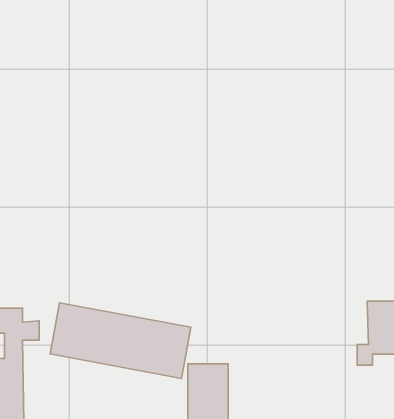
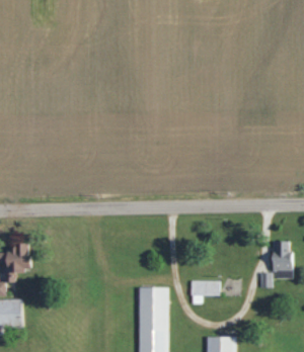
building: [50,303,191,379] -> none
building: none -> [192,280,221,296]

